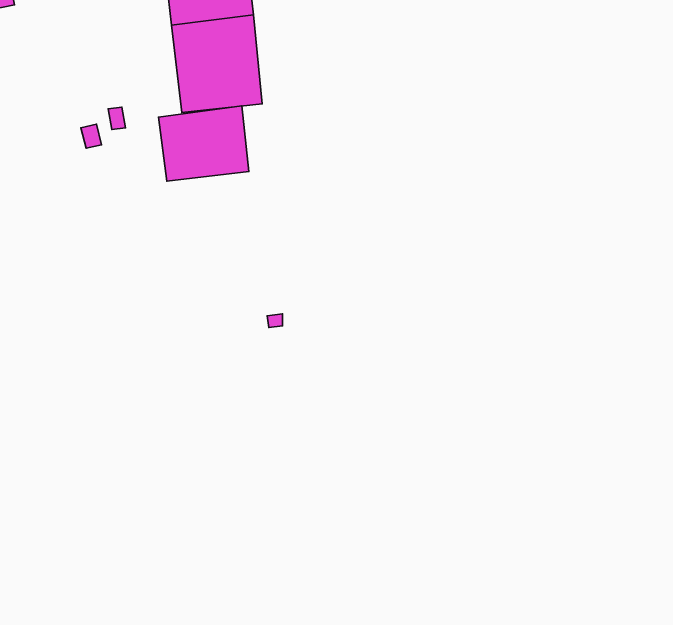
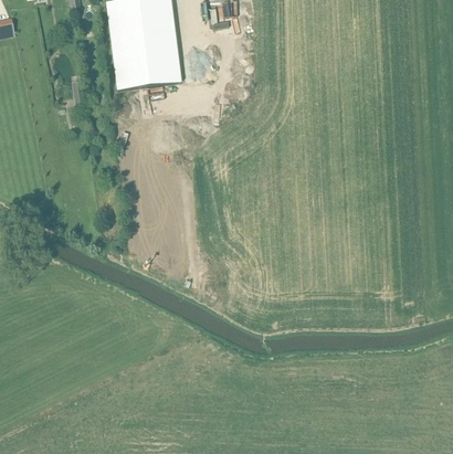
building: [158,106,249,181] -> none

